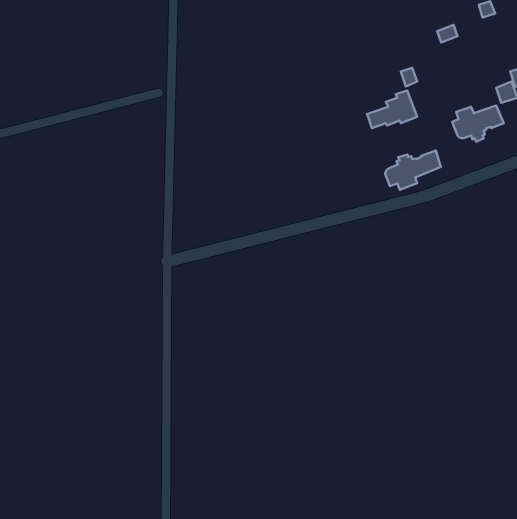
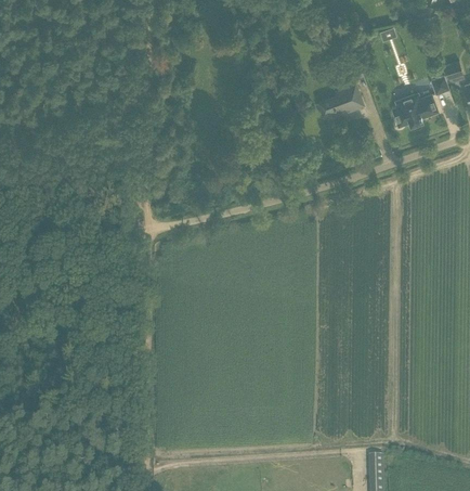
building: [385,151,441,190] -> none

